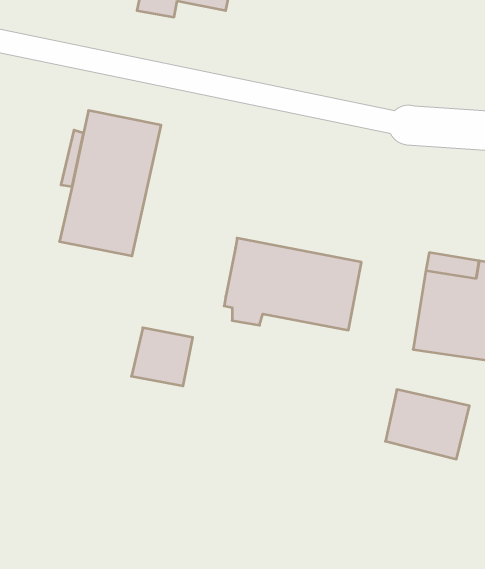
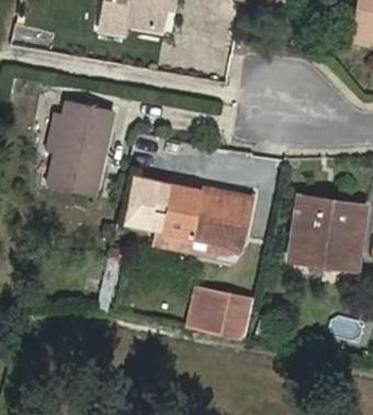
building: [131,328,193,386] -> [125,186,167,225]
building: [385,390,469,459] -> [196,291,253,338]

